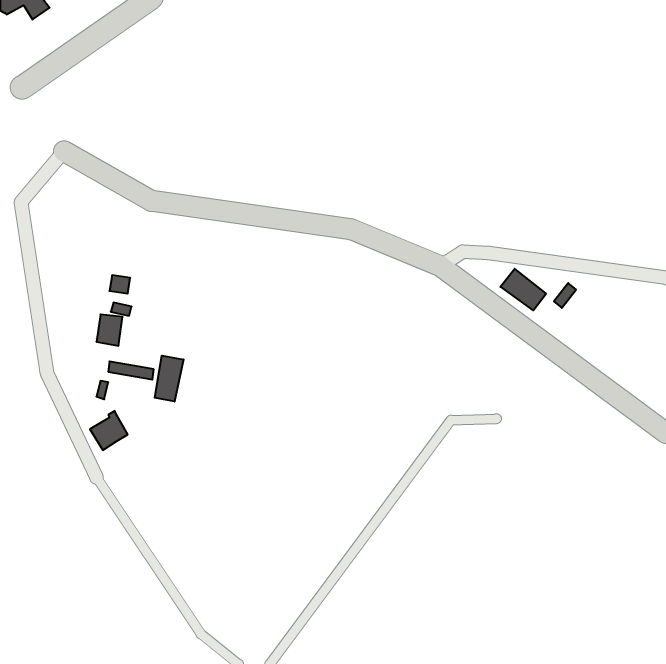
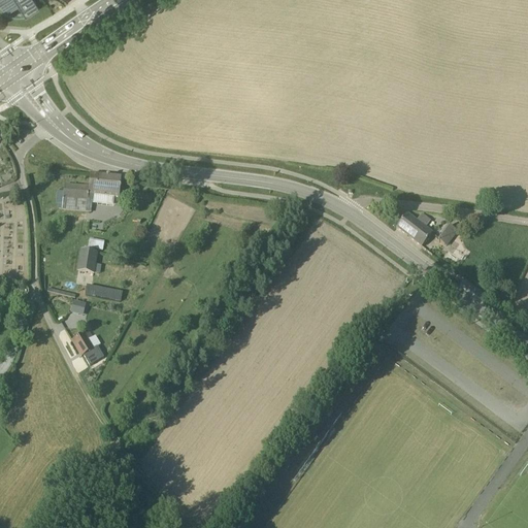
building: none -> [63,173,121,210]
building: [155,356,184,402] -> none

